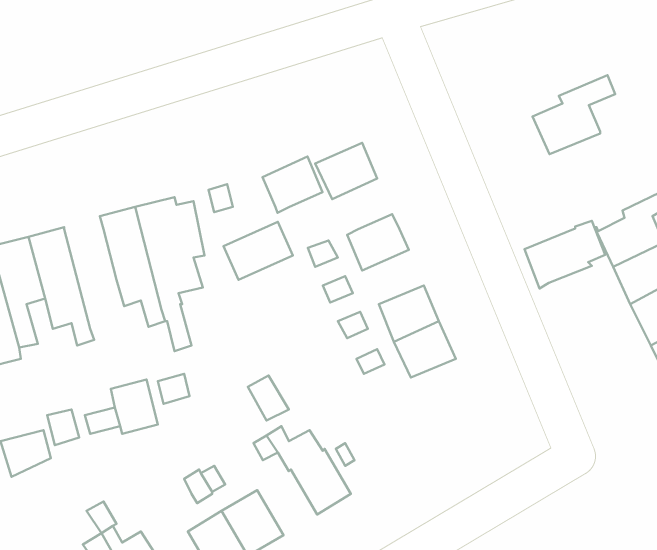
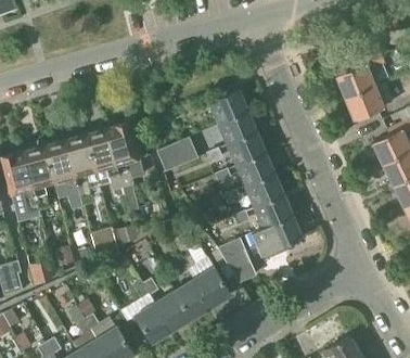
building: [263,157,322,213] -> [219,112,254,144]
building: none -> [64,133,99,199]
building: [525,221,605,288] -> [345,81,392,120]
building: none -> [236,153,272,184]
building: none -> [252,216,300,255]
building: none -> [218,236,255,281]
building: none -> [176,280,210,318]

